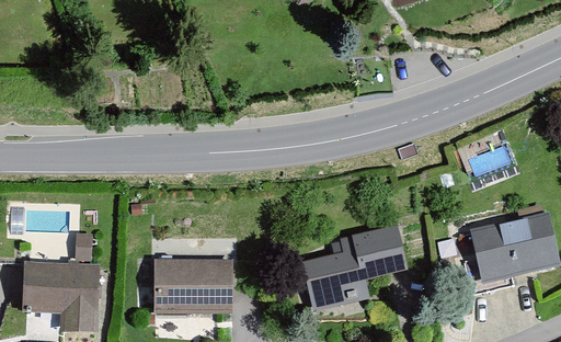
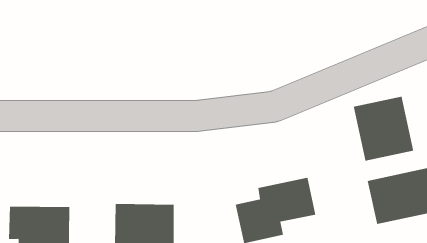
building: none -> [353,96,414,161]

